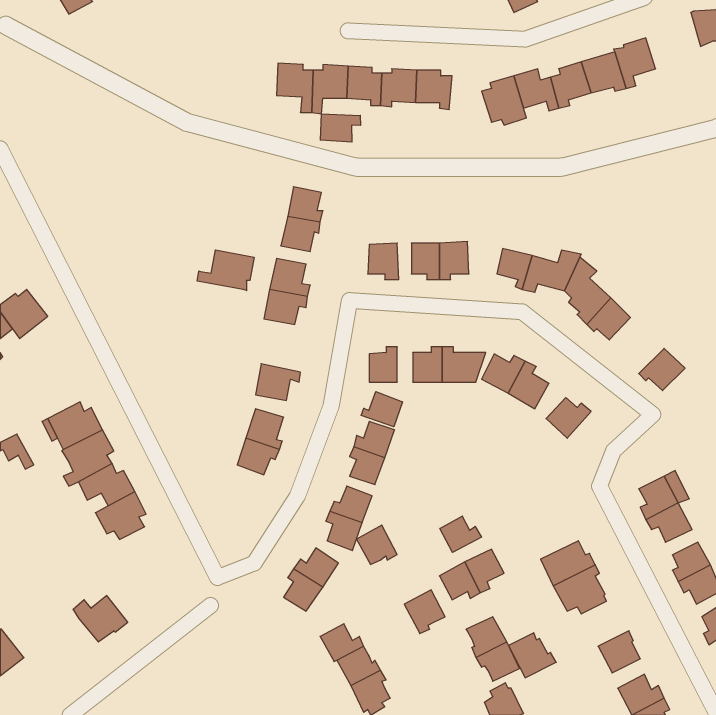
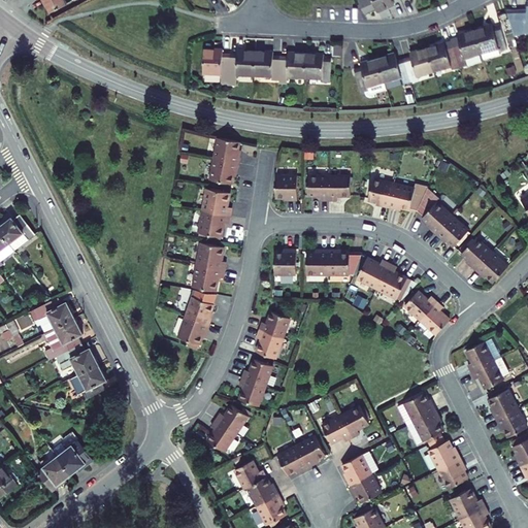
building: none -> [475,23,508,57]
building: [320,114,361,142] -> none
building: [197,250,254,291] -> none
building: none -> [457,240,489,274]
building: none -> [193,245,224,273]
building: [361,392,402,427] -> none
building: none -> [418,302,449,335]
building: [440,516,482,552] -> none
building: [356,525,397,564] -> [279,443,309,472]
building: none -> [38,454,73,489]
building: [508,633,556,678] -> [428,441,463,474]

